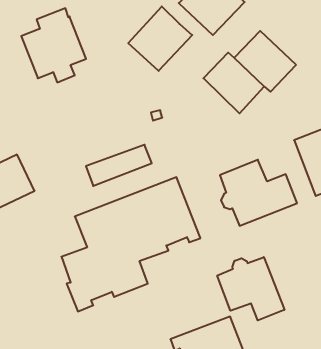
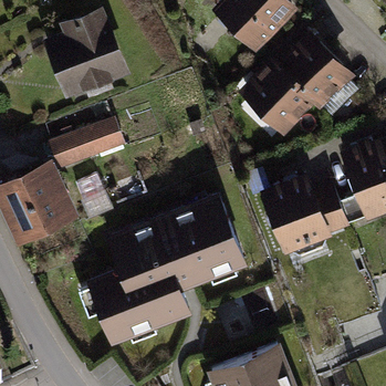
building: [128,6,192,71] -> none
building: [86,145,152,186] -> [52,123,123,167]
building: [217,257,284,320] -> none

